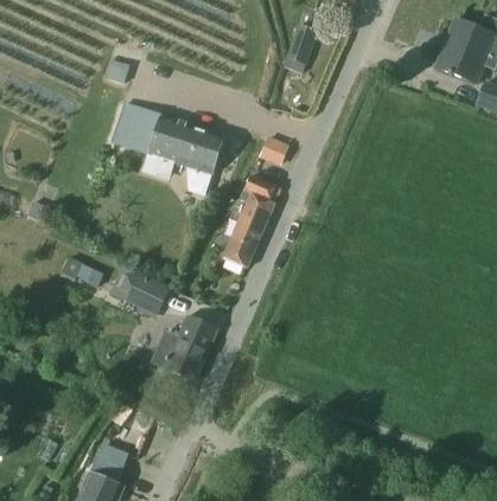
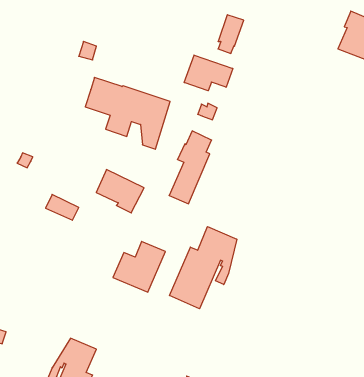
building: none -> [184,55,233,91]
building: [109,263,171,319] -> [96,170,144,213]
building: none -> [170,227,237,309]

